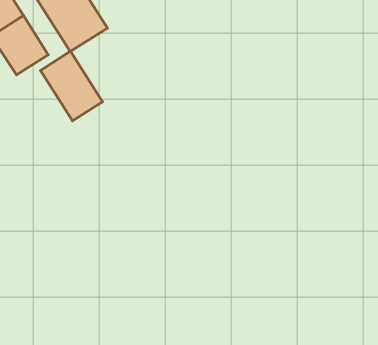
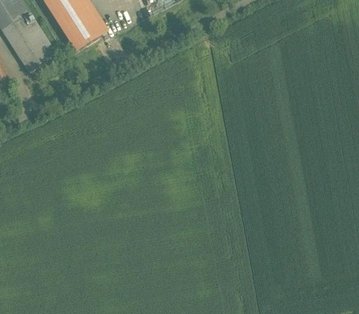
building: [40,51,102,121] -> none

